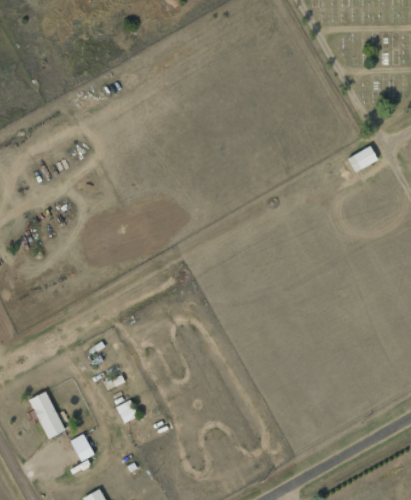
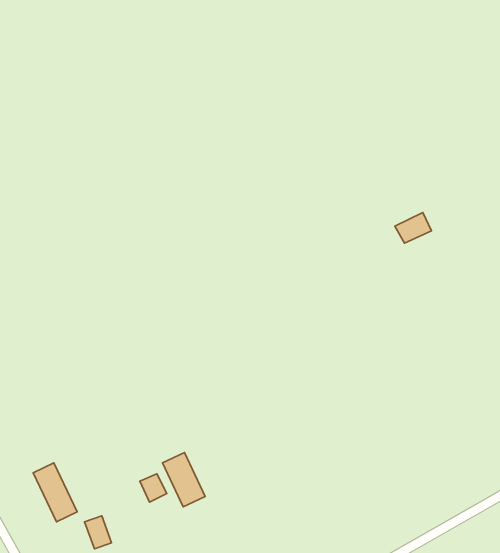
building: [347,147,377,172] -> [395,213,432,243]
building: none -> [162,452,205,507]

